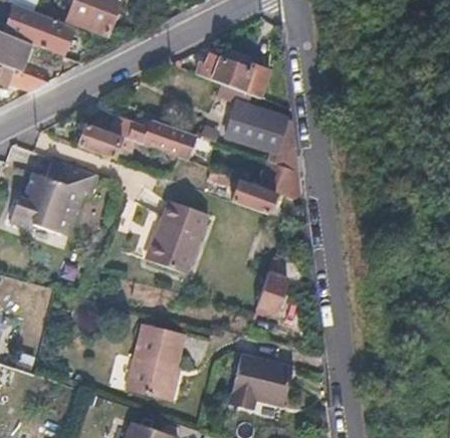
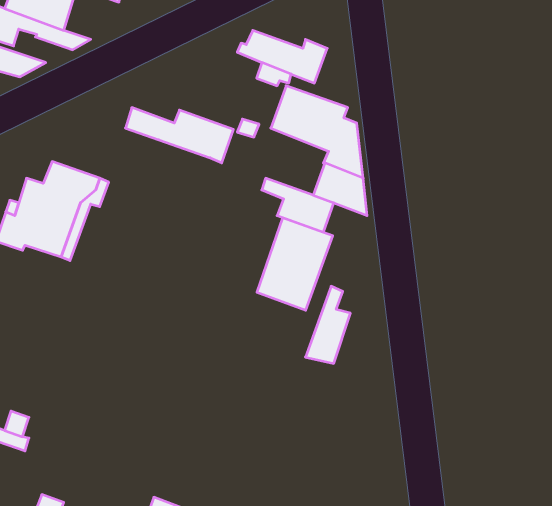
building: [78,124,138,161] -> none
building: [148,199,207,271] -> [257,218,333,310]
building: [129,324,185,400] -> none
building: [228,355,291,412] -> none

